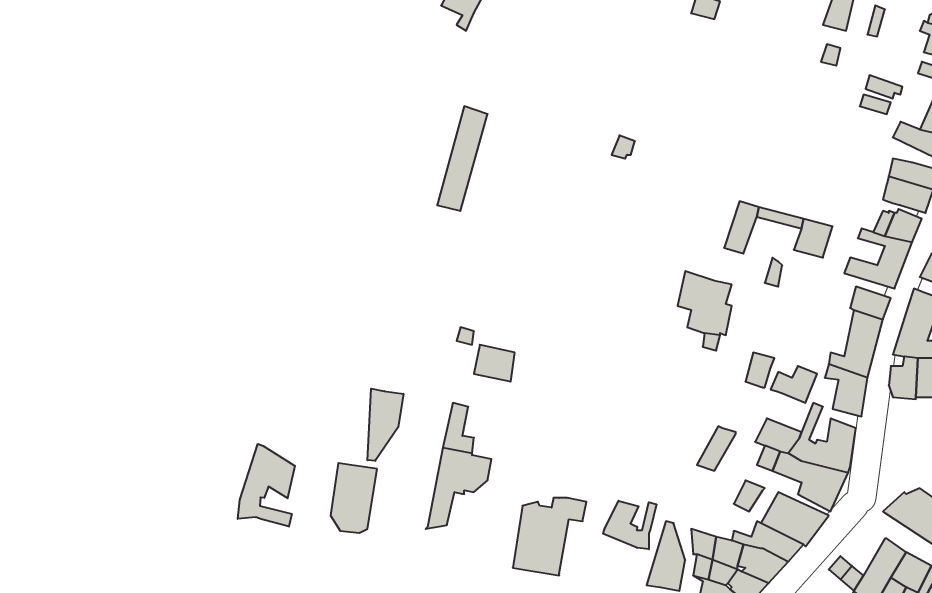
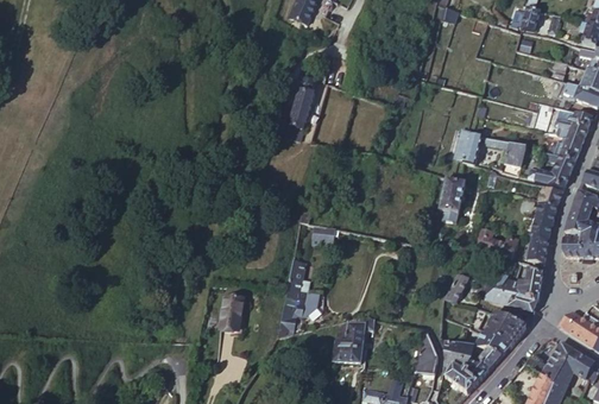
building: [367,389,403,461] -> none
building: [238,444,295,527] -> none
building: [603,501,656,549] -> none

